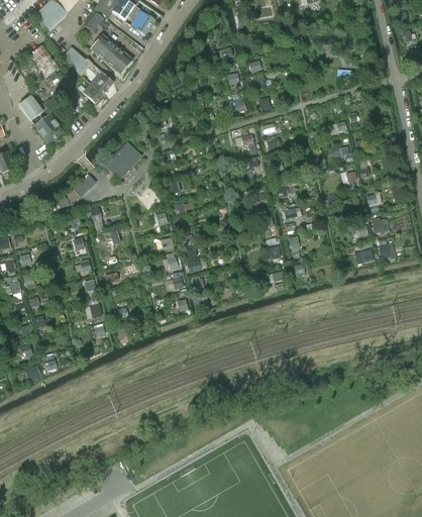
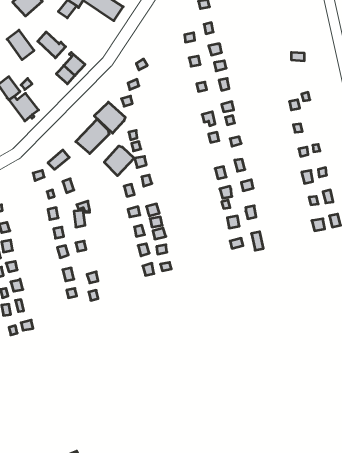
building: [90,34,131,73] -> none
building: none -> [94,102,125,133]
building: none -> [104,146,134,176]

